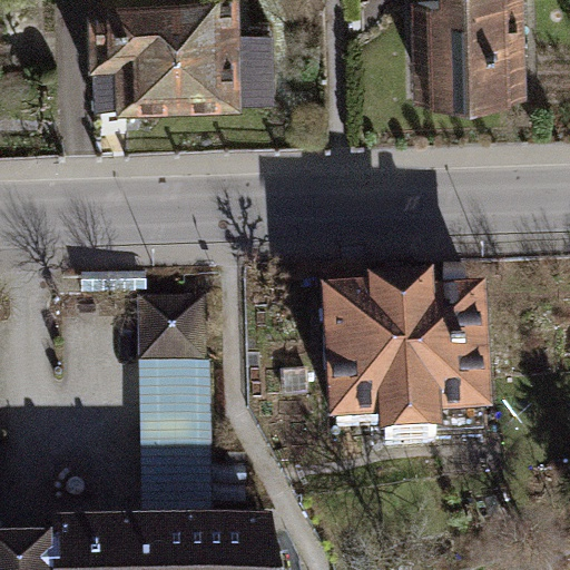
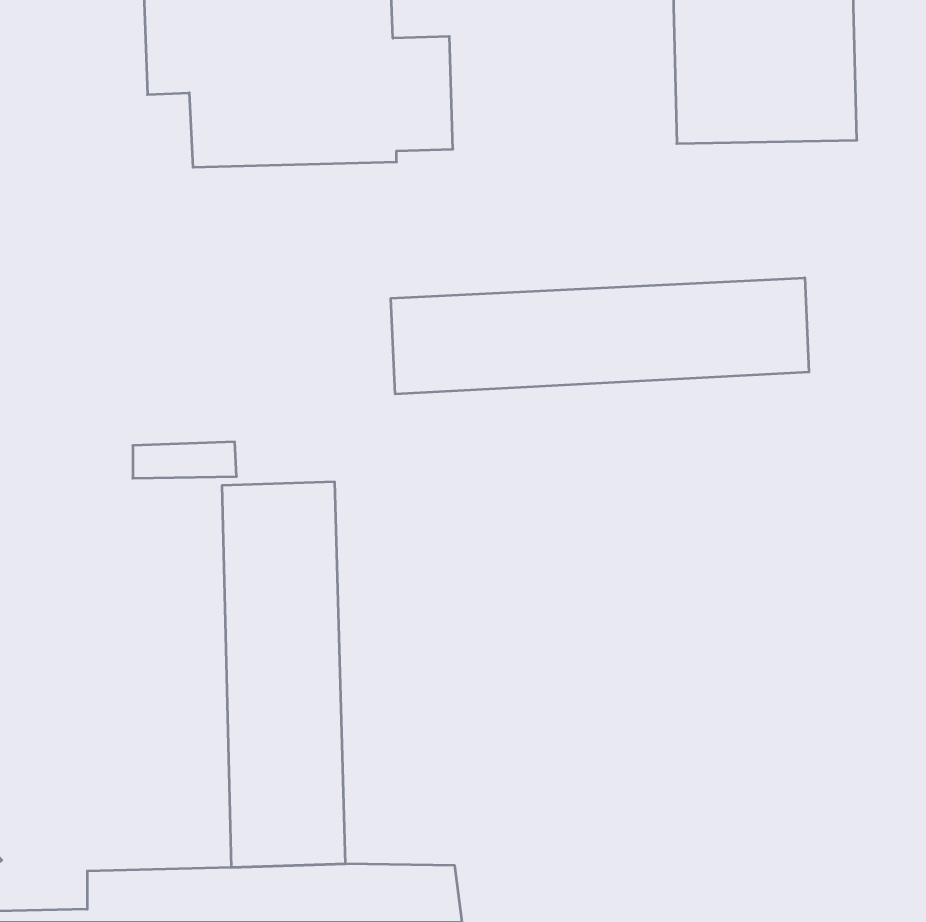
building: none -> [391,278,809,394]
building: [322,289,495,455] -> none

